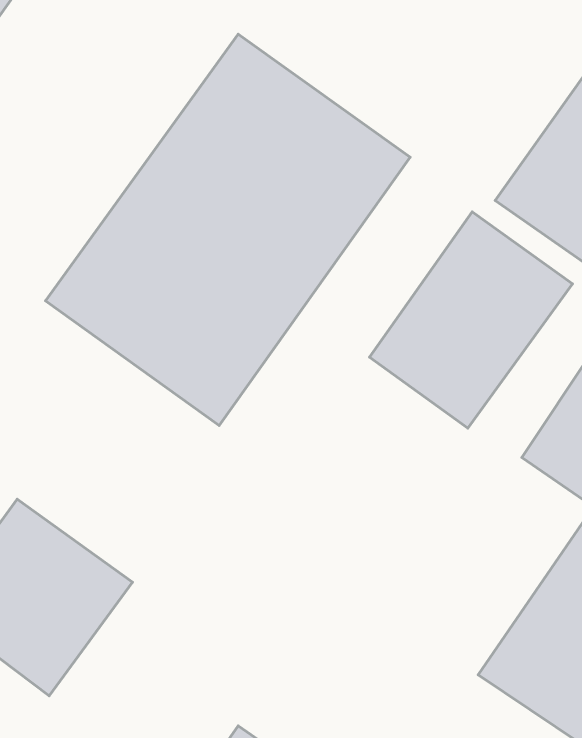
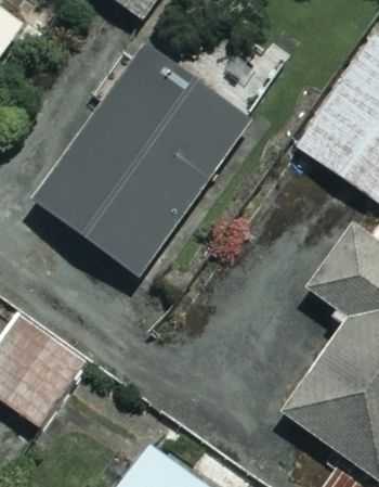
building: [370,212,572,428] -> none

